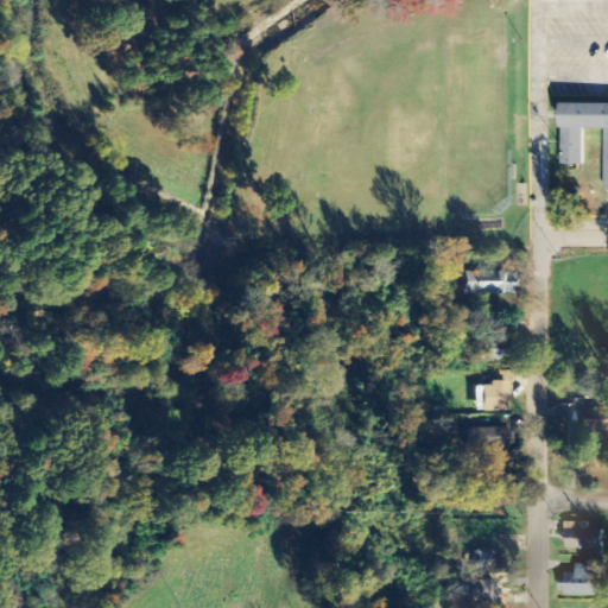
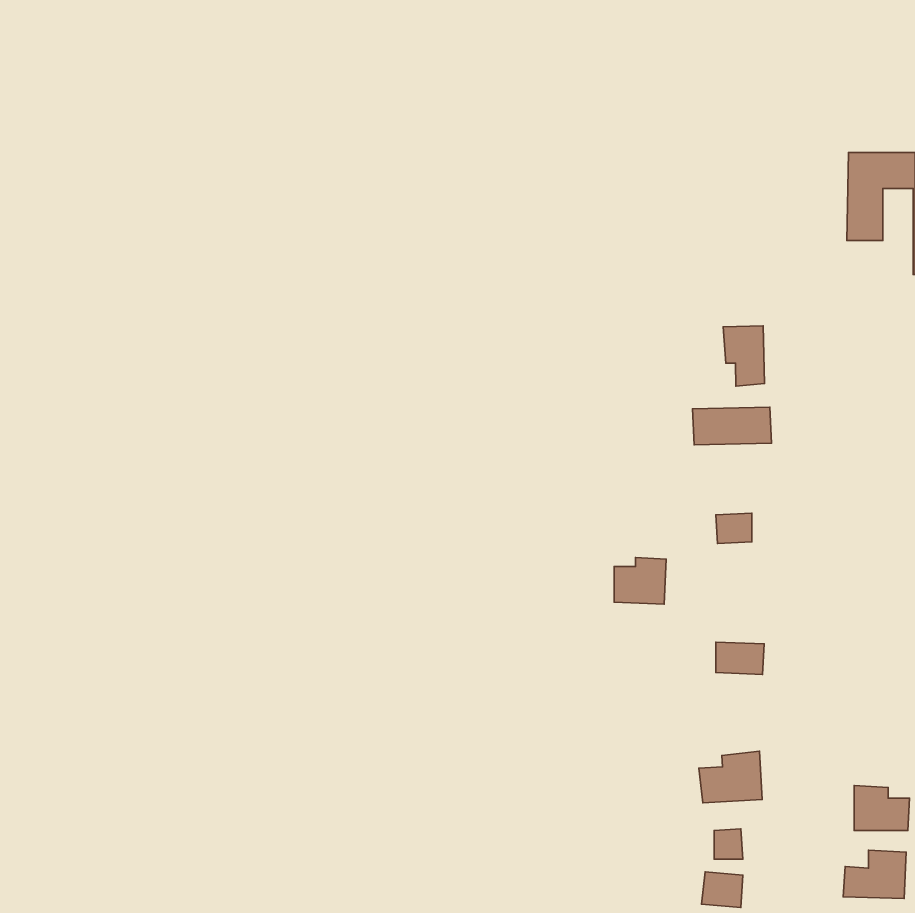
building: none -> [723,326,765,386]
building: [474,379,508,410] -> [614,557,666,604]
building: none -> [699,751,762,803]

